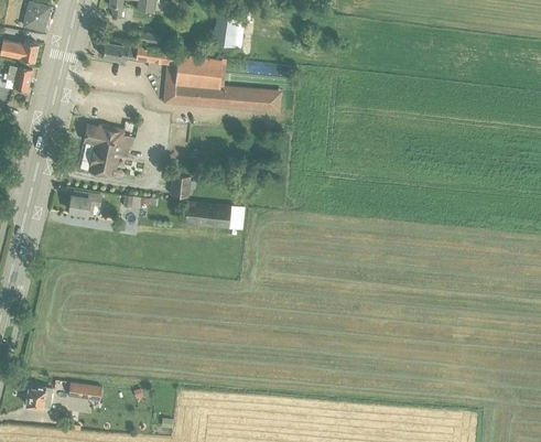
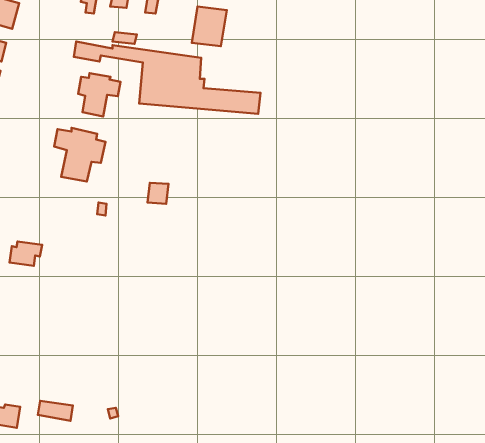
building: none -> [78,73,121,116]
building: [68,192,99,215] -> [9,241,42,266]
building: [184,203,244,231] -> none

